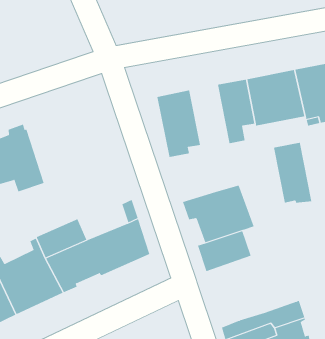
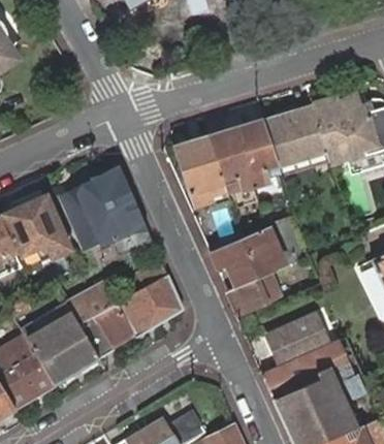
building: none -> [61,166,140,247]
building: [273,142,312,203] -> [209,130,253,193]
building: none -> [269,313,337,366]

